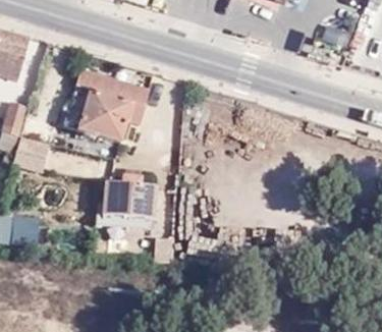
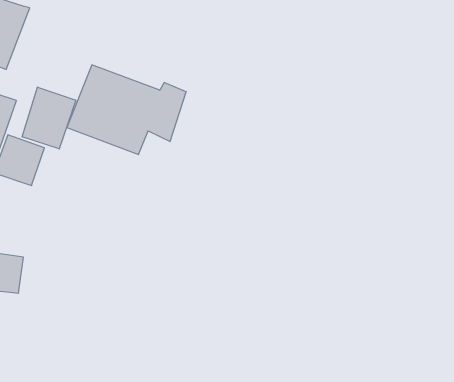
building: none -> [22,87,76,149]
building: [102,174,157,222] -> none

